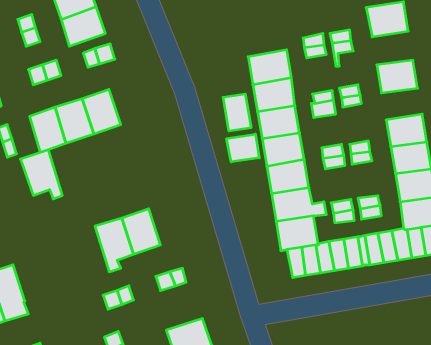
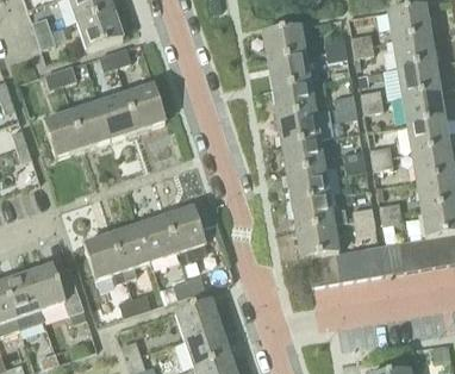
building: none -> [263,25,307,61]
building: none -> [394,35,436,69]
building: none -> [126,85,166,130]
building: none -> [404,93,445,125]
building: [223,94,251,131] -> none
building: [227,134,259,162] -> none
building: [20,150,62,199] -> [83,233,126,283]
building: none -> [167,206,206,253]
building: none -> [29,264,85,316]
building: none -> [175,299,222,339]

